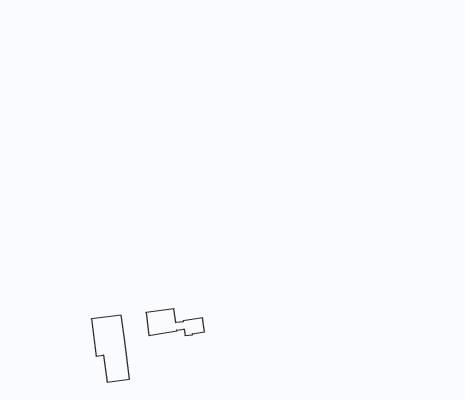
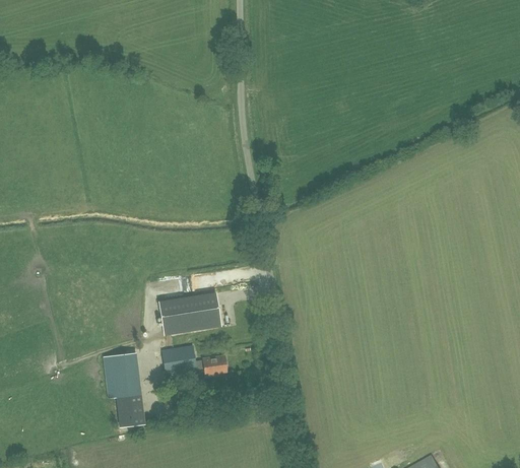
building: none -> [159,293,220,335]

